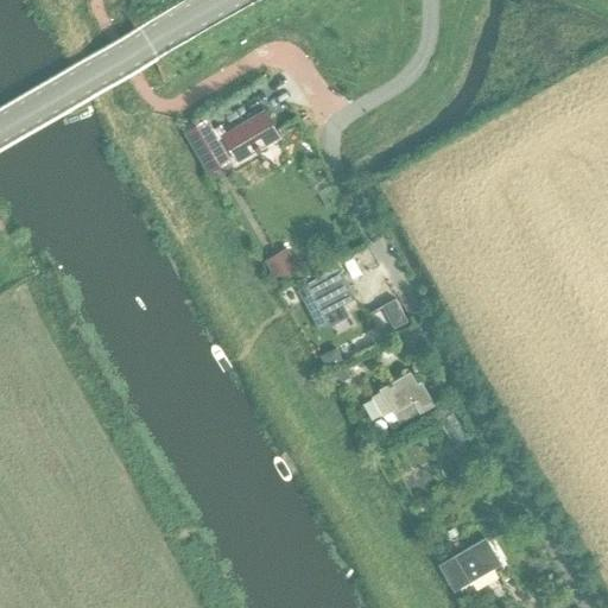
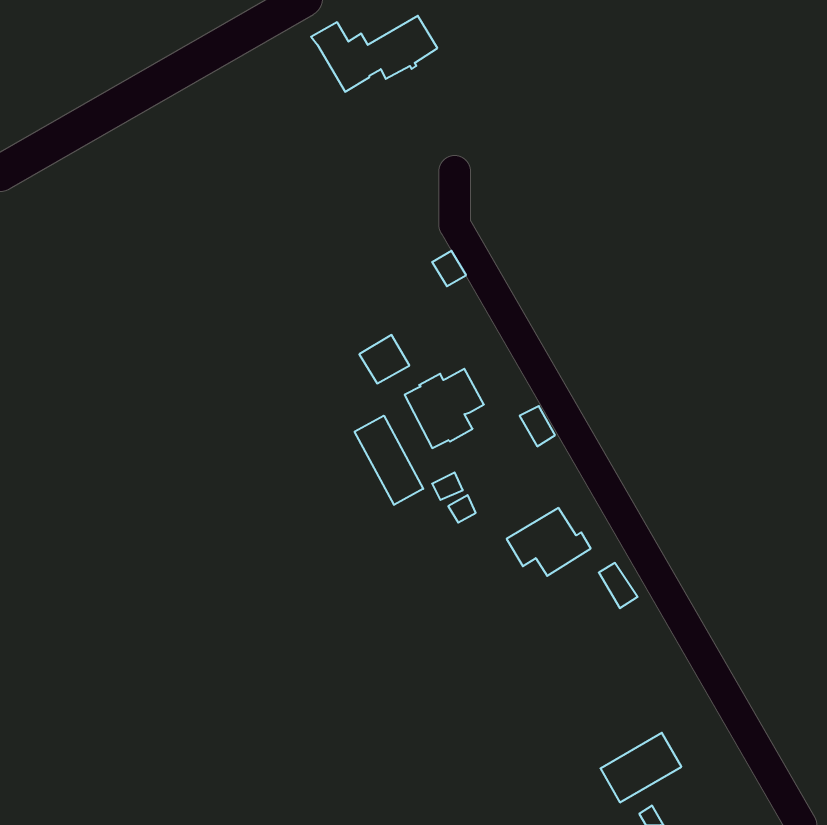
building: [184,112,277,167] -> [311,16,437,92]
building: none -> [355,416,423,505]

